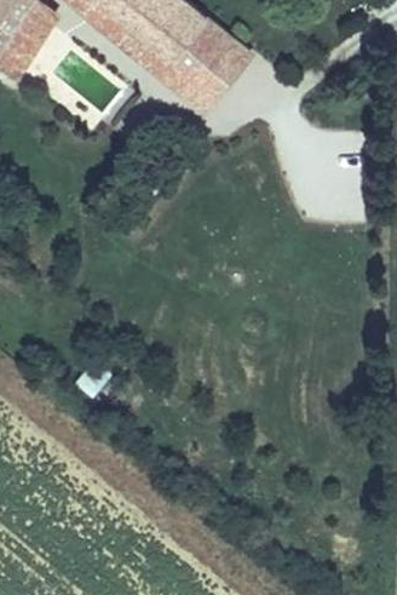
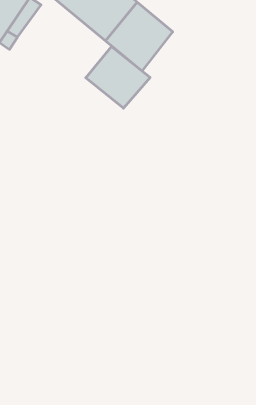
building: none -> [86,46,150,108]

